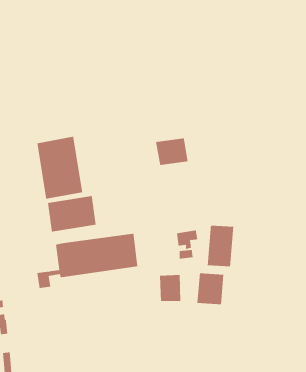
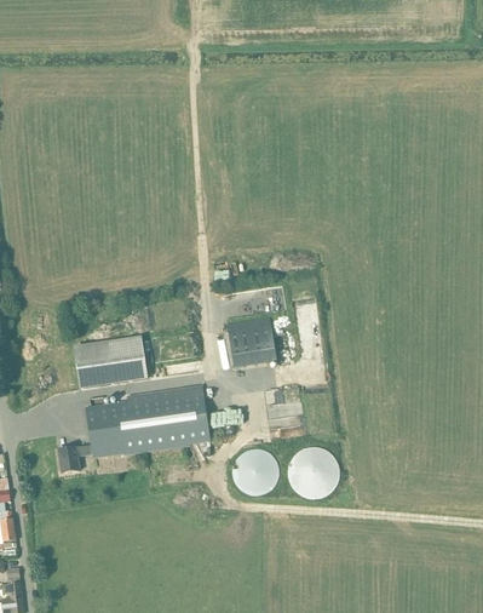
building: [37,136,83,200] -> none
building: [155,138,189,166] -> [226,326,276,367]
building: [207,225,234,267] -> none

